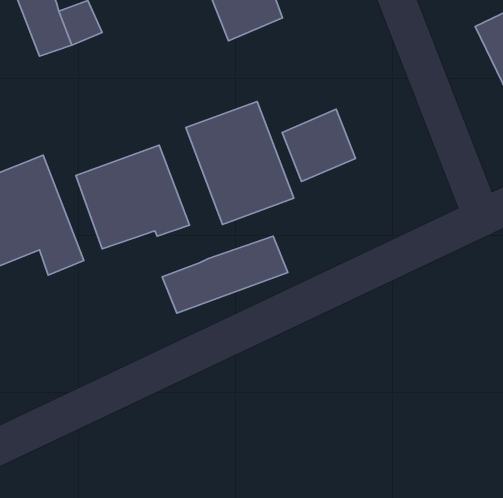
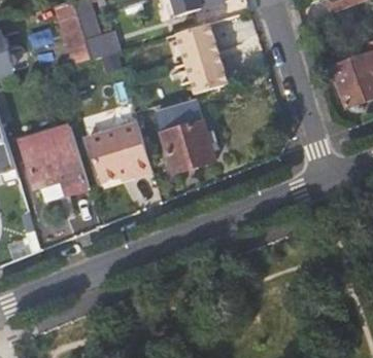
building: [282,109,355,182] -> [183,53,226,95]
building: [162,236,288,313] -> none

